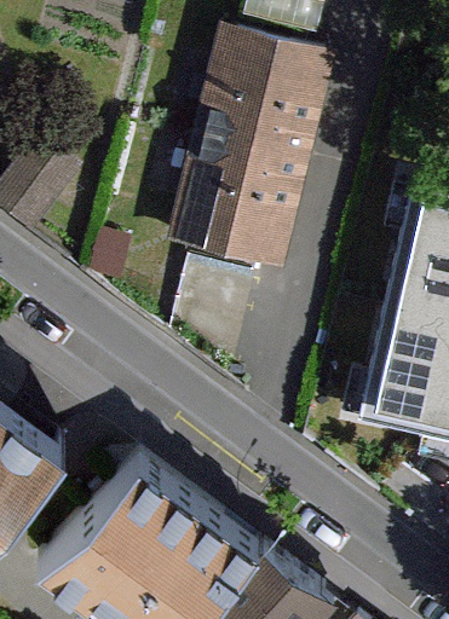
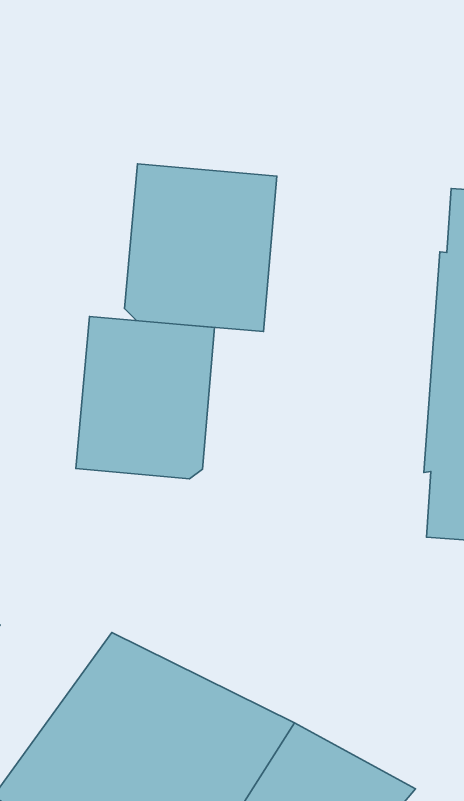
building: [205,42,324,169] -> none
building: none -> [76,317,215,479]

